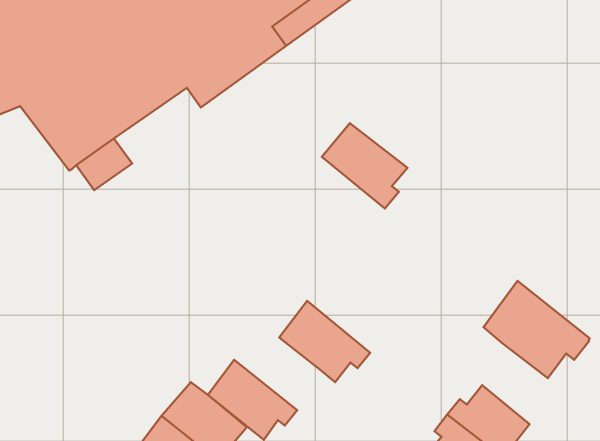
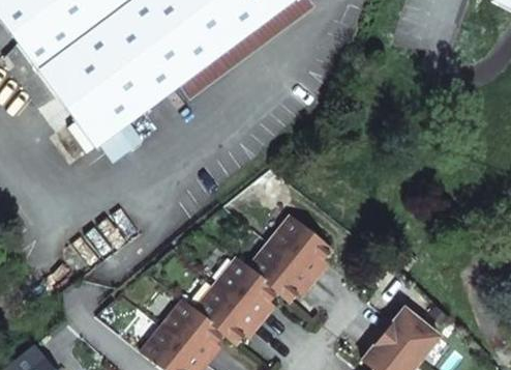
building: [322,123,407,209] -> [270,216,333,279]
building: [484,281,590,378] -> none
building: none -> [216,258,279,321]

